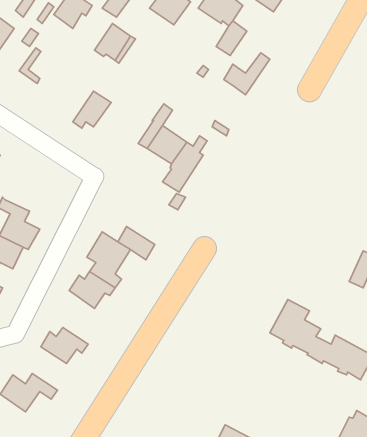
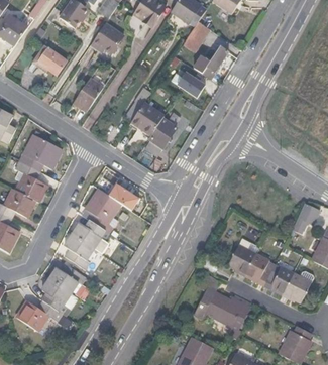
building: none -> [38,44,67,72]
building: none -> [172,71,206,97]
building: none -> [20,134,61,170]
building: none -> [64,233,91,266]
building: none -> [41,277,69,312]
building: none -> [195,287,251,331]

